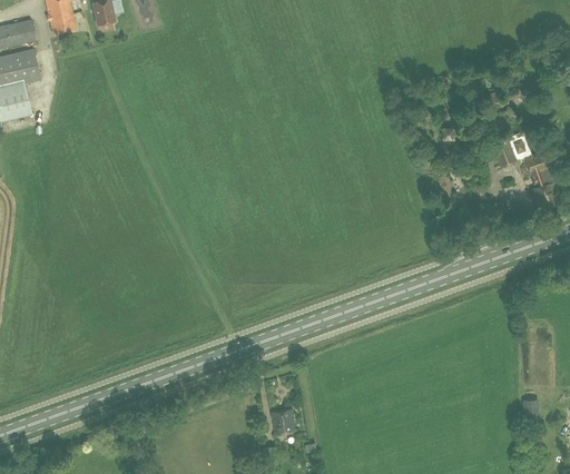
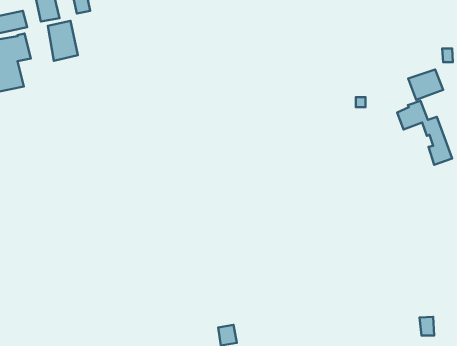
building: none -> [48,21,78,61]
building: none -> [408,70,443,100]

